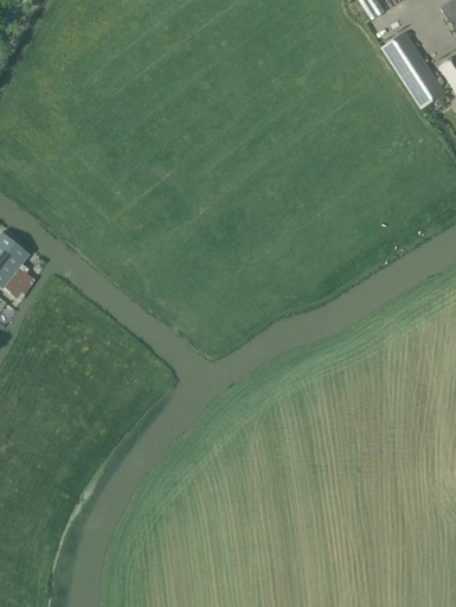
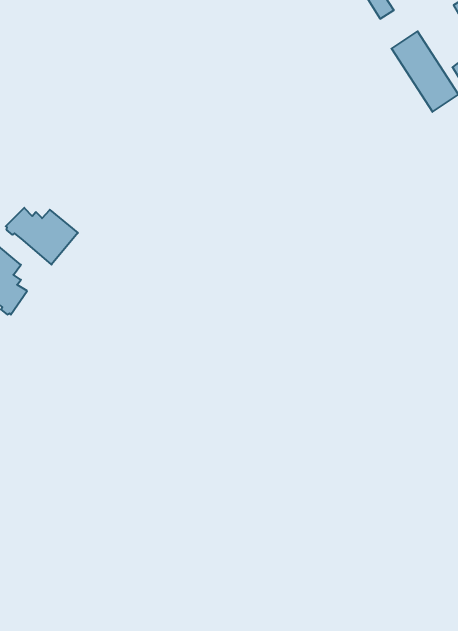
building: none -> [6,208,78,265]

